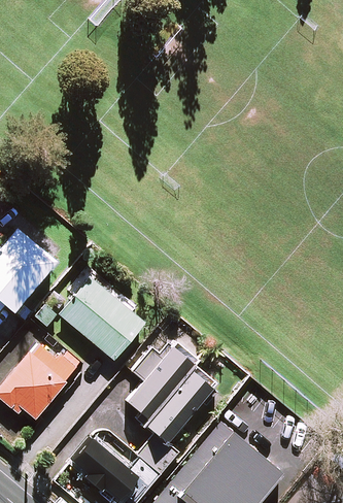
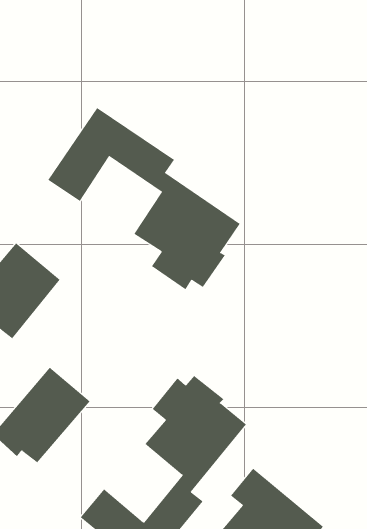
building: none -> [48,107,241,290]
building: [59,275,145,360] -> none

